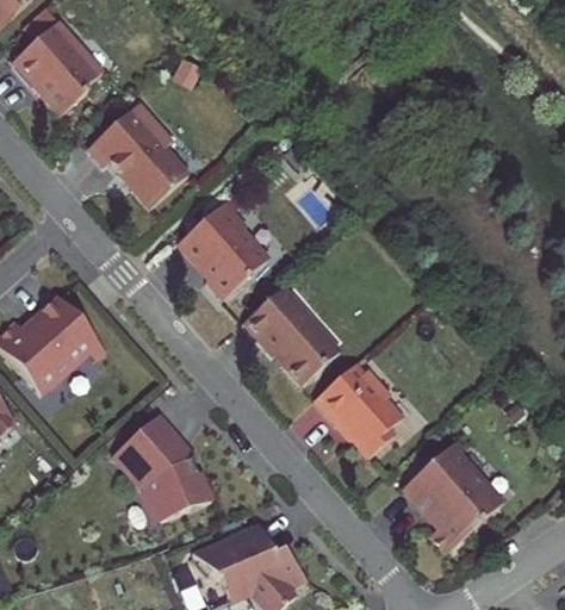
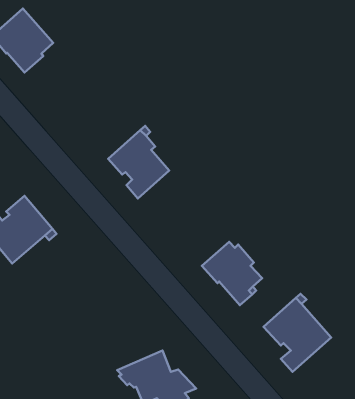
building: [86,104,187,208] -> none
building: [242,285,339,382] -> none
building: [111,411,211,518] -> none

